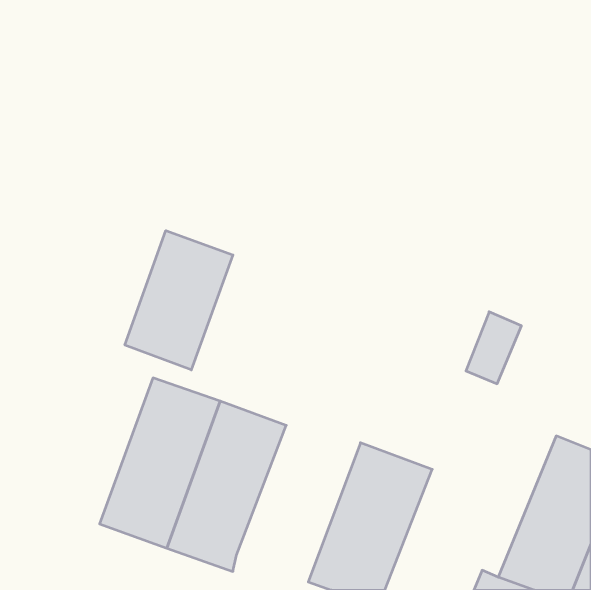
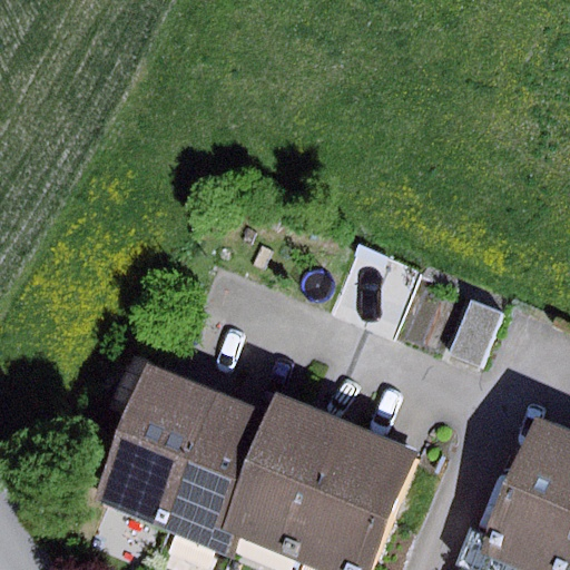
building: [125,231,233,370] -> none
building: none -> [227,400,346,559]

